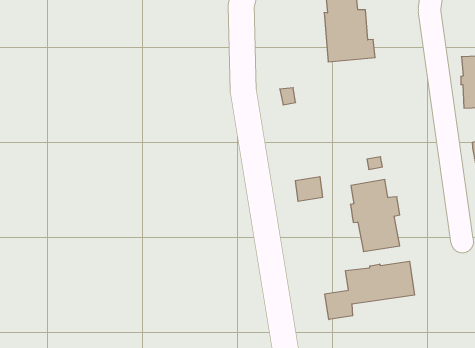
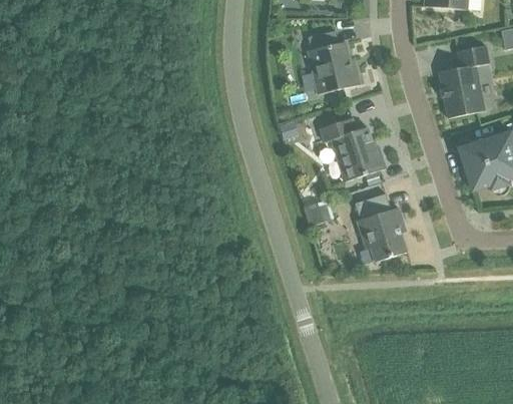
building: none -> [320,117,386,180]
building: [325,261,414,320] -> none

